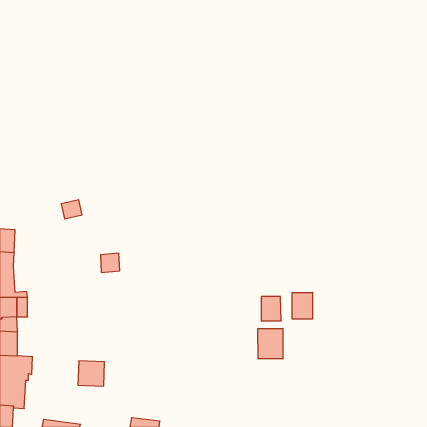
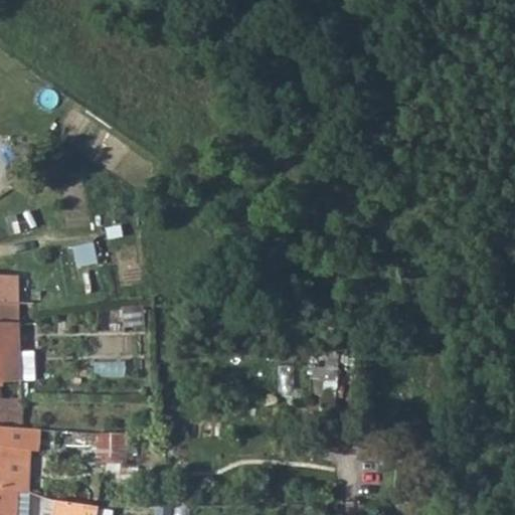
building: [292,292,313,319] -> none
building: [258,328,283,359] -> none

